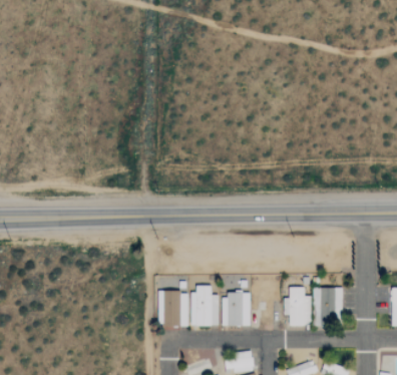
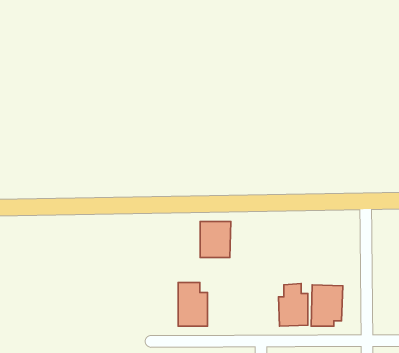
building: [159,291,188,327] -> none
building: [223,293,251,326] -> [200,222,231,258]

